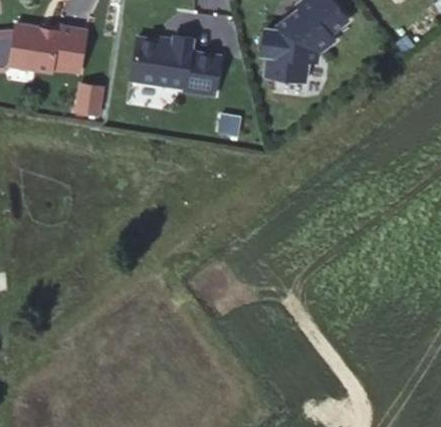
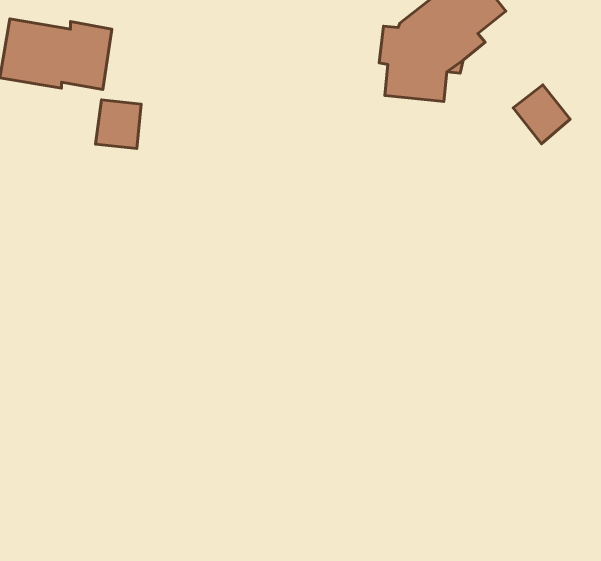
building: [129,35,219,95] -> none
building: none -> [513,85,570,144]

